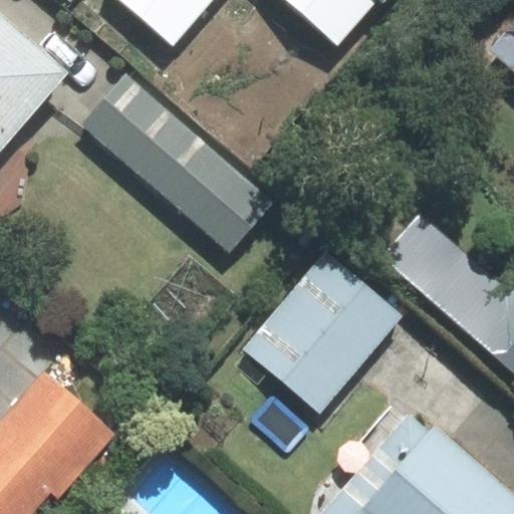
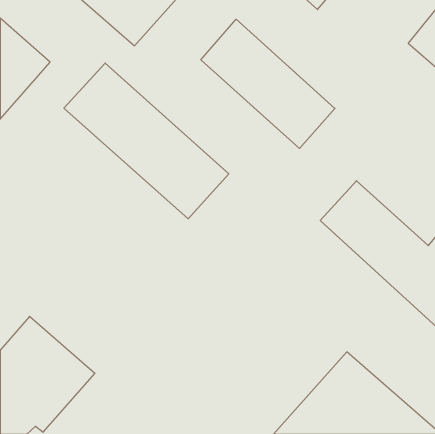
building: none -> [201,19,335,148]
building: [241,249,406,417] -> none

